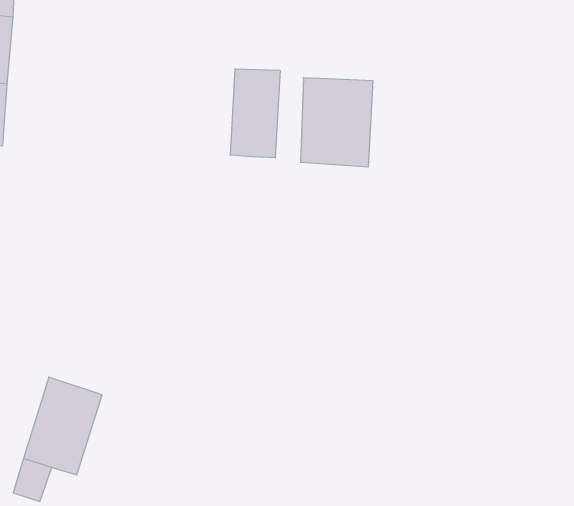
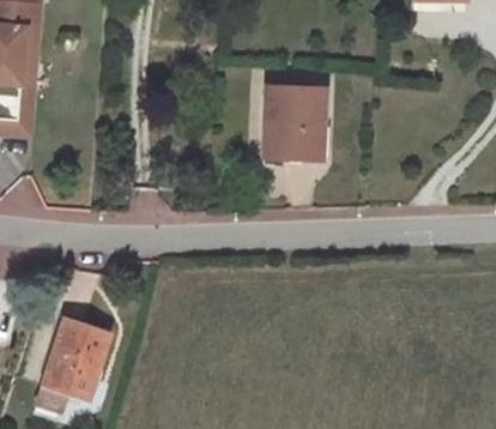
building: [231,69,280,158] -> none

